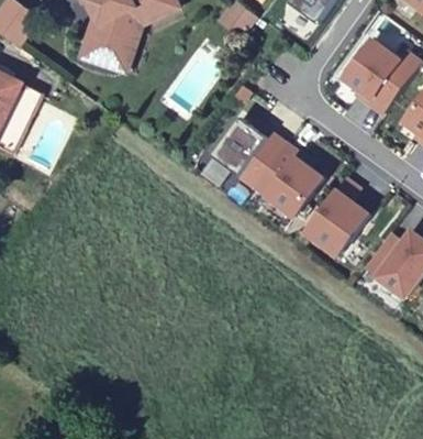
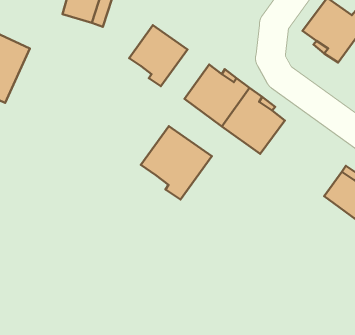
building: none -> [129,25,187,86]
building: [308,175,371,252] -> none
building: none -> [141,126,212,200]

